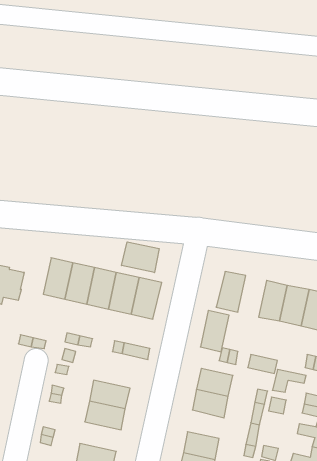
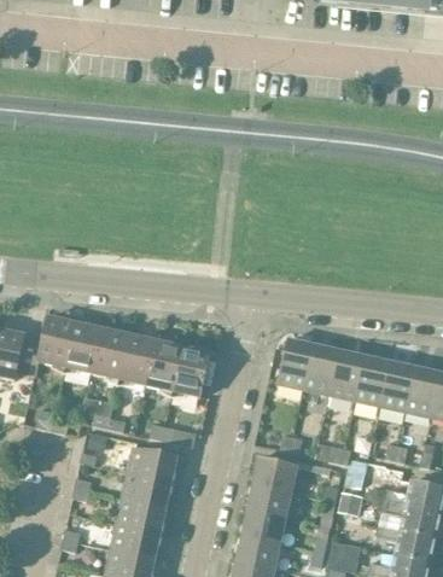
building: [122,242,159,273] -> none
building: none -> [37,316,75,367]
building: [200,310,229,352] -> [303,344,338,395]
building: none -> [127,447,177,482]
building: none -> [241,508,286,543]
building: none -> [110,523,161,559]

